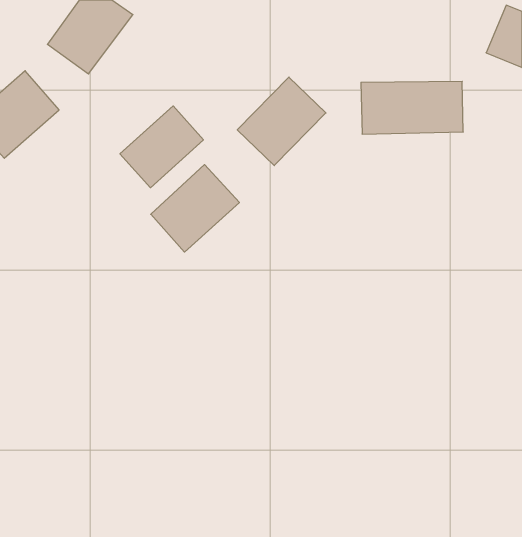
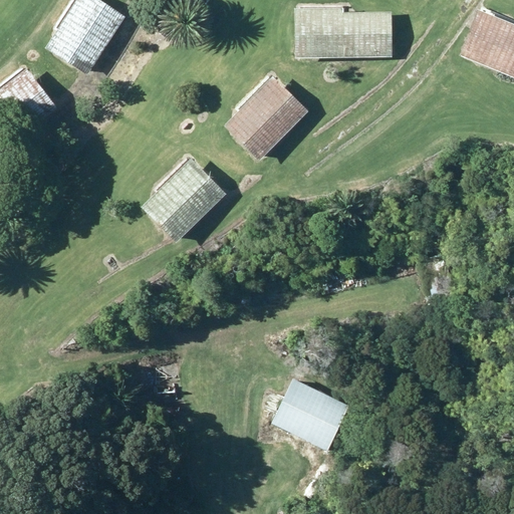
building: [361,81,463,134] -> [294,8,392,58]
building: [120,106,203,188] -> none
building: none -> [268,373,352,448]

